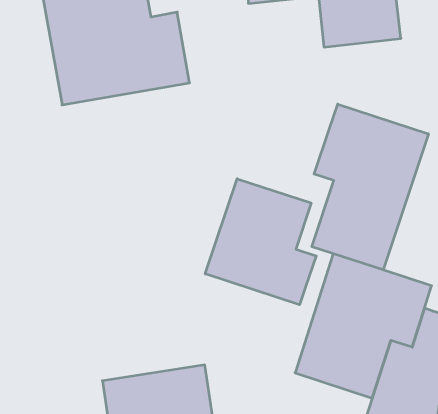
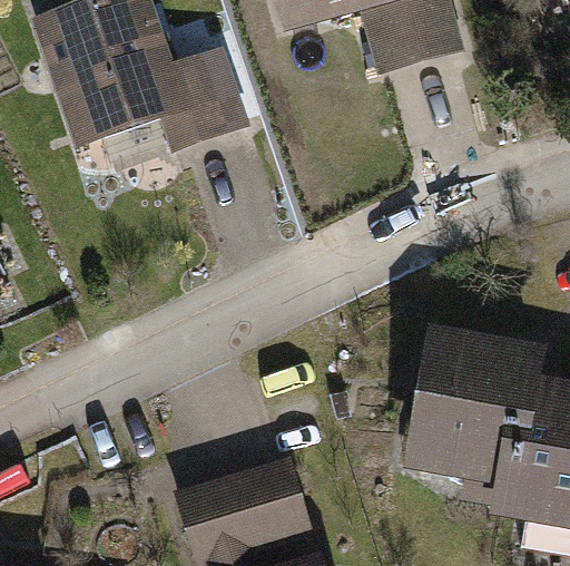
building: [312,104,428,270] -> none
building: [205,179,316,305] -> none

